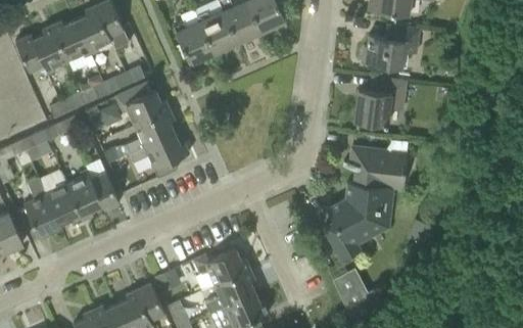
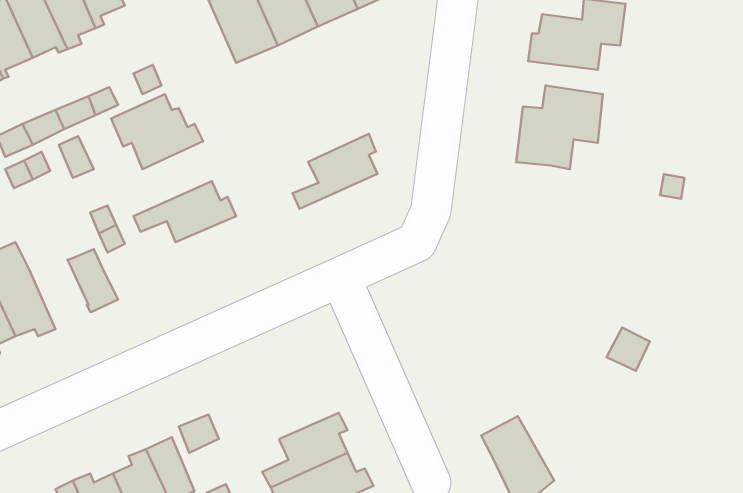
building: [125,110,175,154] -> [292,134,378,209]
building: [323,147,407,263] -> none
building: [67,171,102,221] -> none
building: [192,249,249,291] -> none

